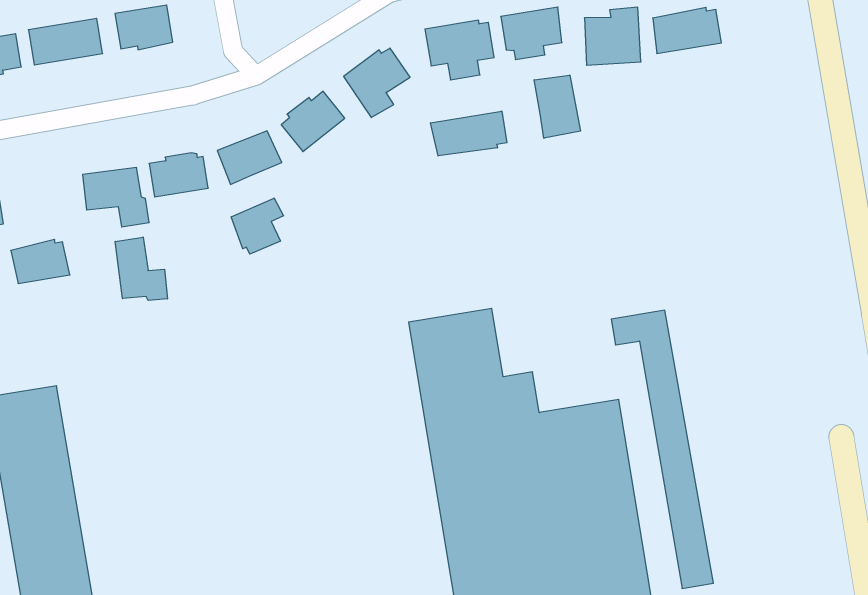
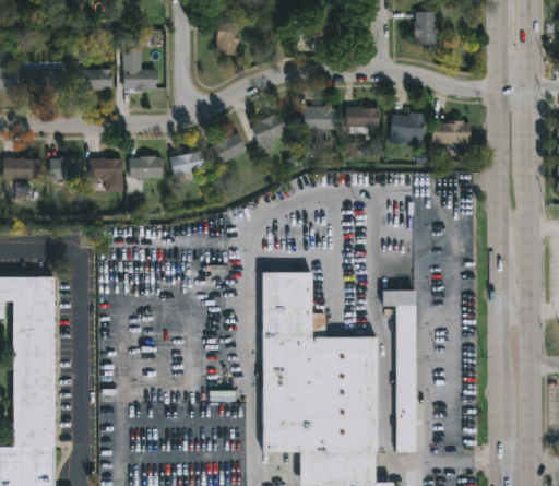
building: [534,75,580,138] -> none
building: [431,111,507,156] -> none
building: [231,198,284,254] -> none
building: [115,237,167,300] -> none
building: [11,239,70,283] -> [49,156,81,178]

